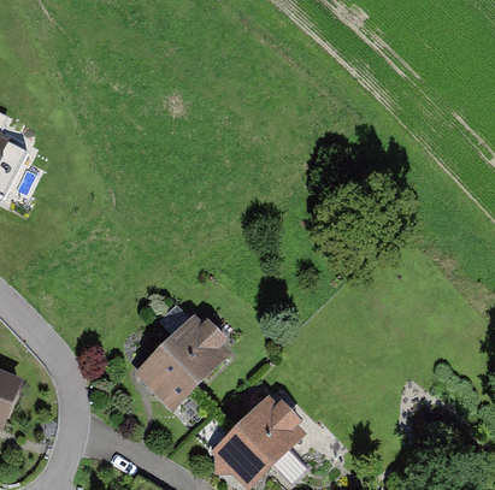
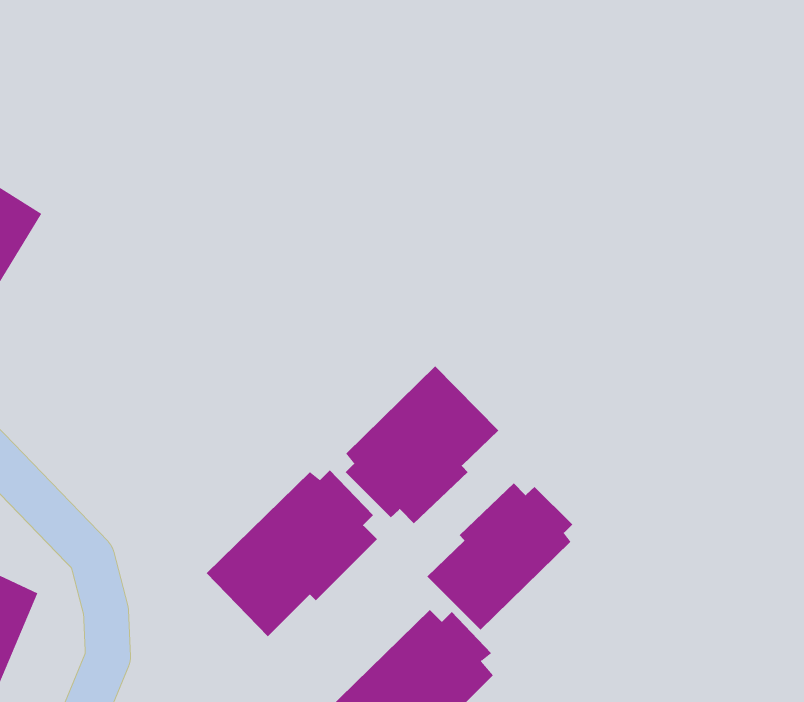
building: none -> [345,366,499,524]
building: none -> [427,482,573,631]

